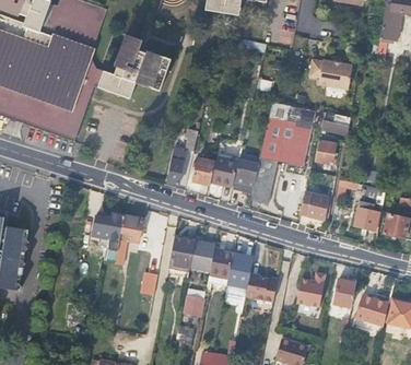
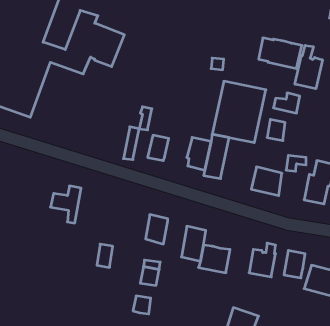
building: none -> [295,45,322,89]
building: [210,156,238,186] -> none
building: [117,214,142,254] -> none
building: [169,235,196,272] -> none
building: [209,248,231,275] -> none

